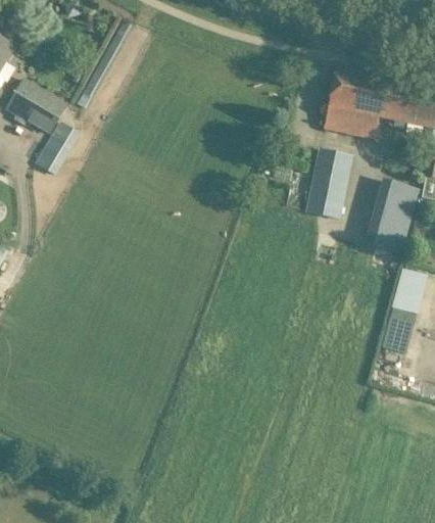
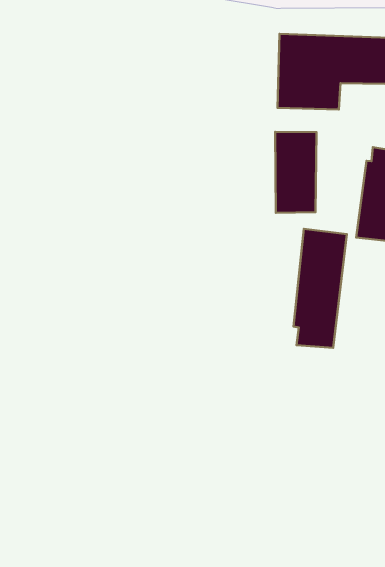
building: none -> [293,229,347,348]

